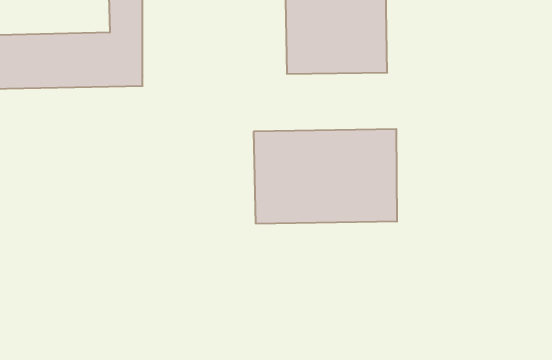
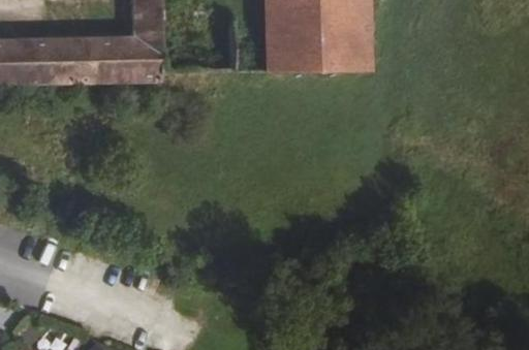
building: [254,129,397,224] -> none

